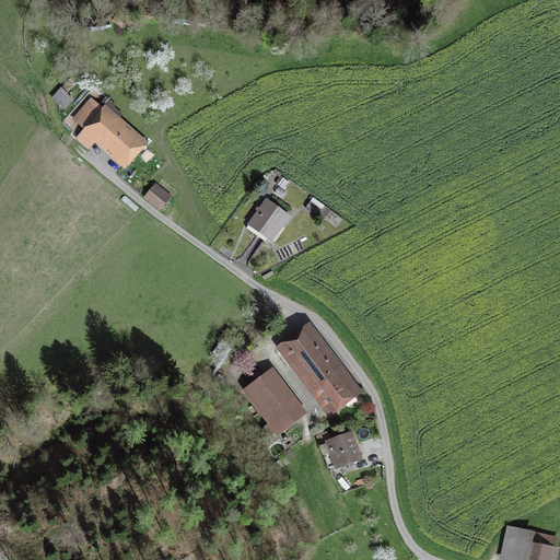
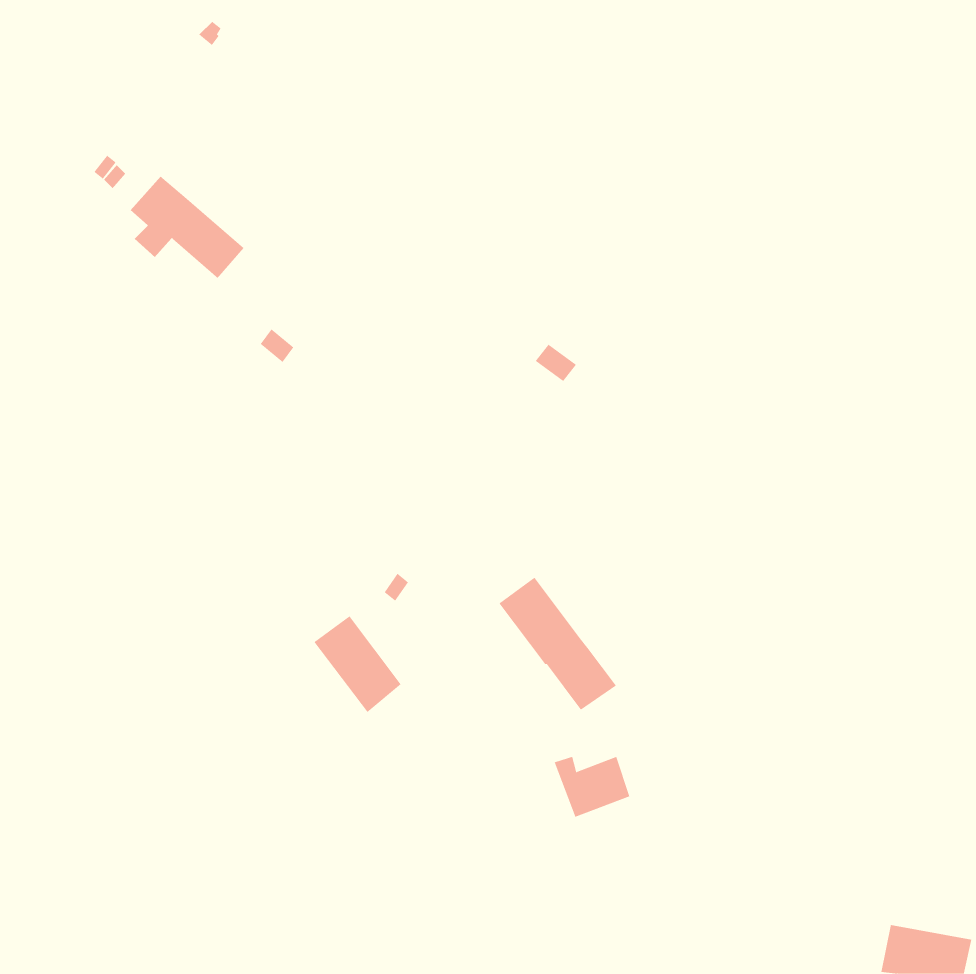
building: [248,199,290,240] -> none
building: [246,374,296,430] -> [314,616,401,713]

